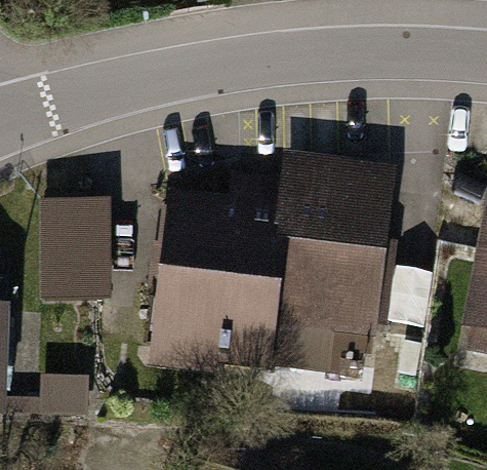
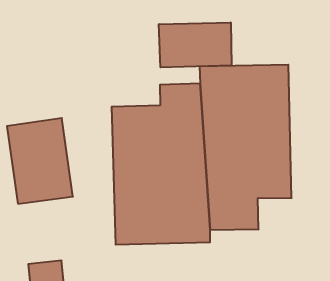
building: none -> [159,22,232,67]

